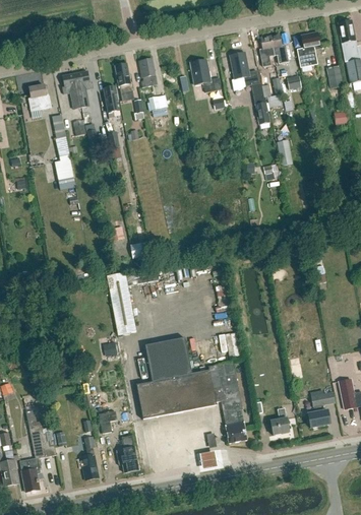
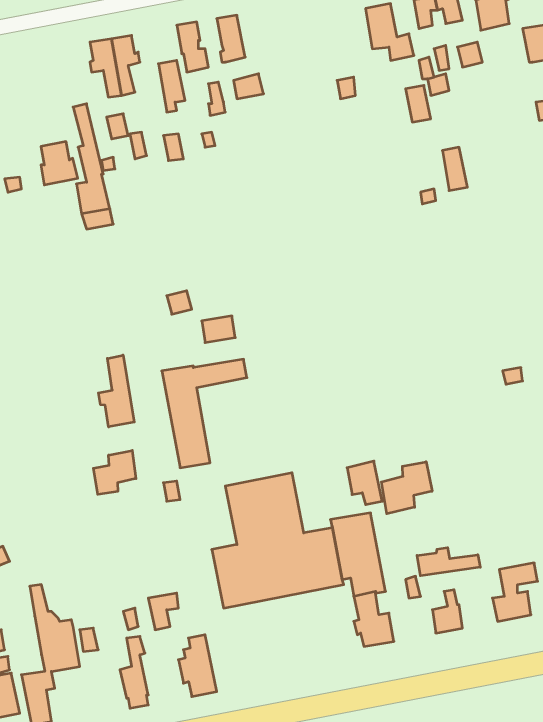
building: [190,60,221,92] -> none
building: [28,84,51,111] -> [41,142,78,185]
building: none -> [98,355,134,427]
building: none -> [93,450,136,494]
building: none -> [381,462,432,514]
building: none -> [417,548,480,576]

